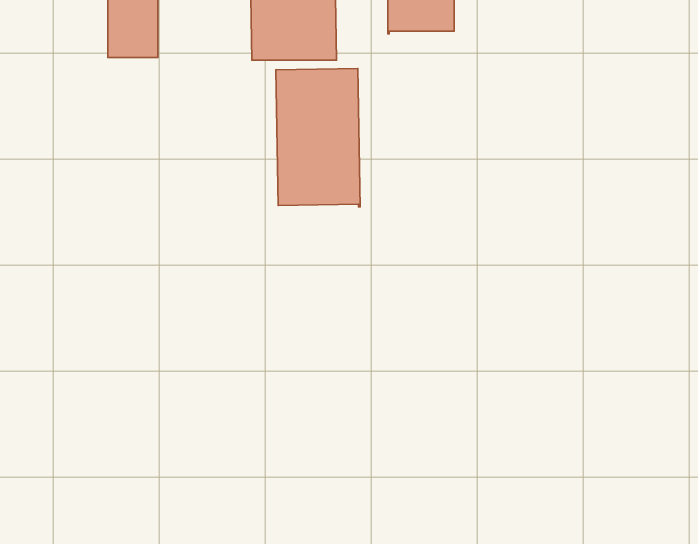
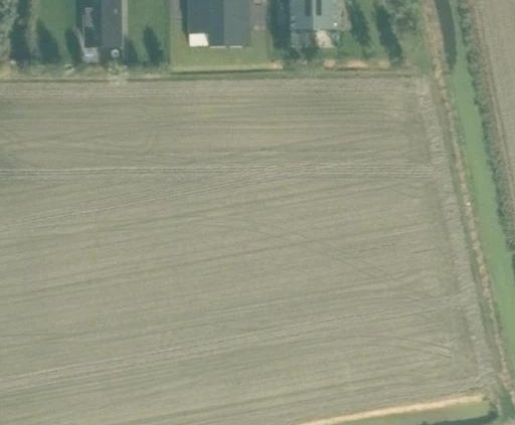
building: [276,69,360,207] -> none

